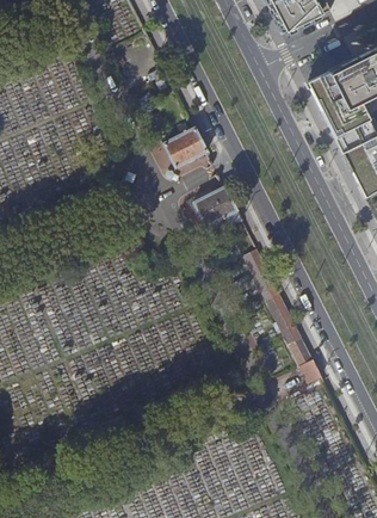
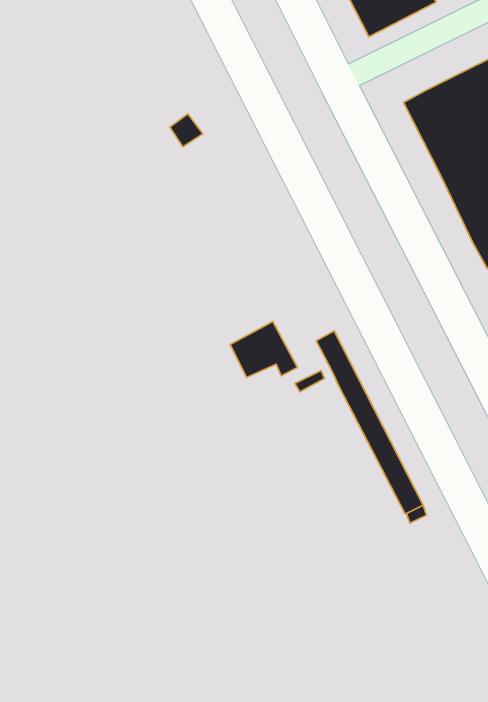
building: [165,125,209,167] -> none
building: [196,185,245,226] -> [230,322,298,377]

